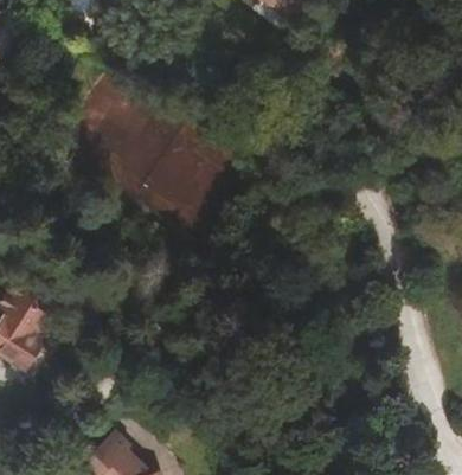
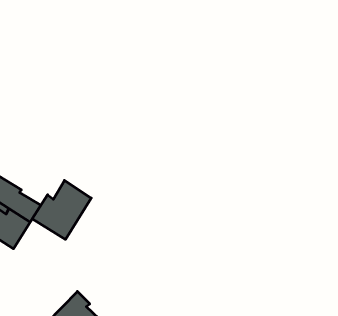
building: none -> [32,180,91,239]

